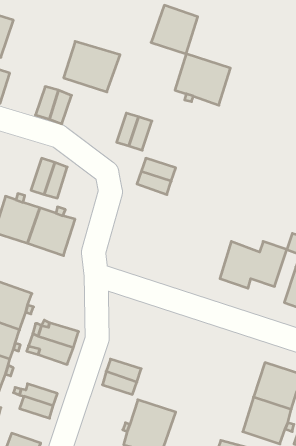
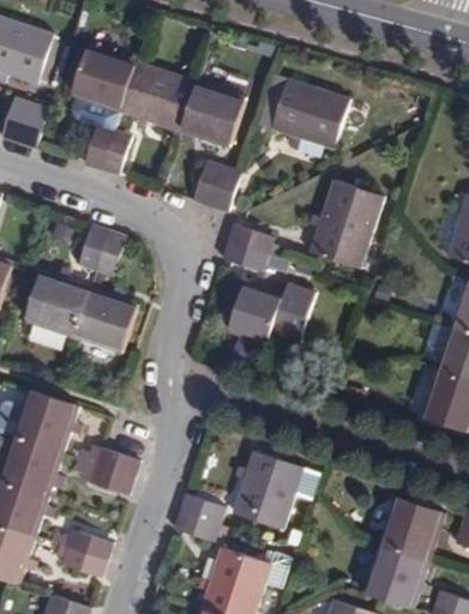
building: [151,5,198,54] -> [179,82,242,148]
building: none -> [72,48,136,113]
building: none -> [302,177,372,260]
building: [220,241,287,288] -> [229,279,320,343]
building: none -> [235,451,321,528]

